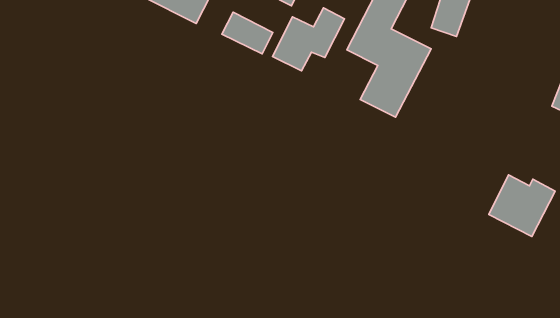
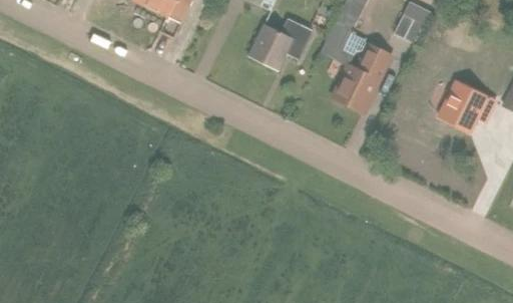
building: [222,12,273,54] -> none
building: [489,175,555,237] -> [437,80,497,136]

